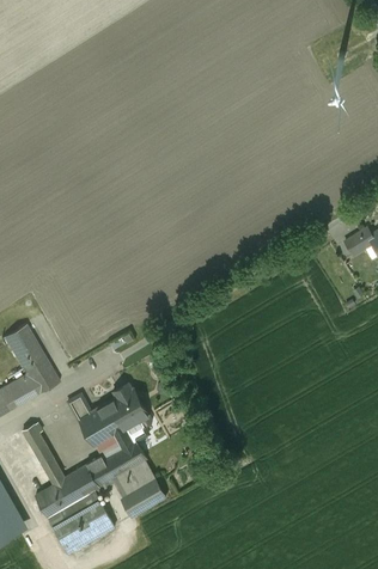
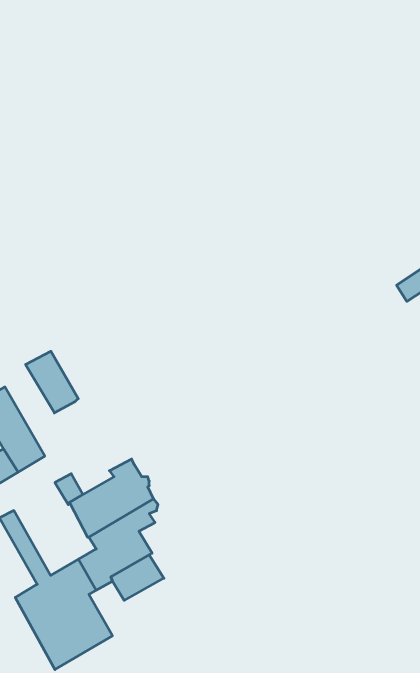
building: none -> [26,351,78,413]
building: [122,479,165,515] -> none

